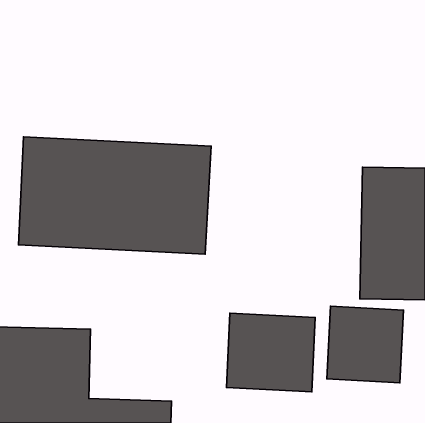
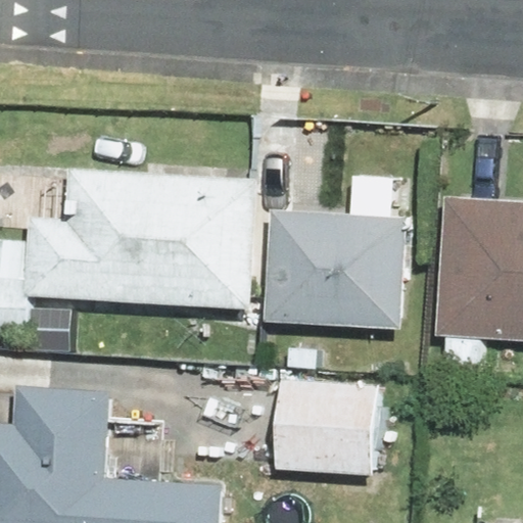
building: none -> [266,210,413,343]
building: [327,306,403,383] -> none

